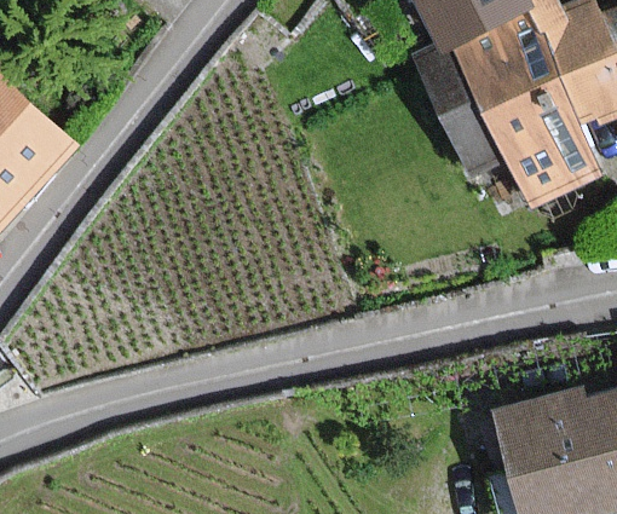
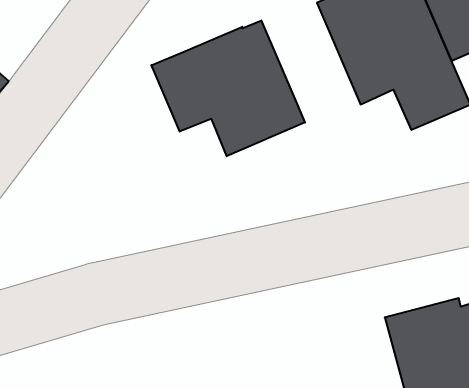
building: none -> [151,20,305,156]

